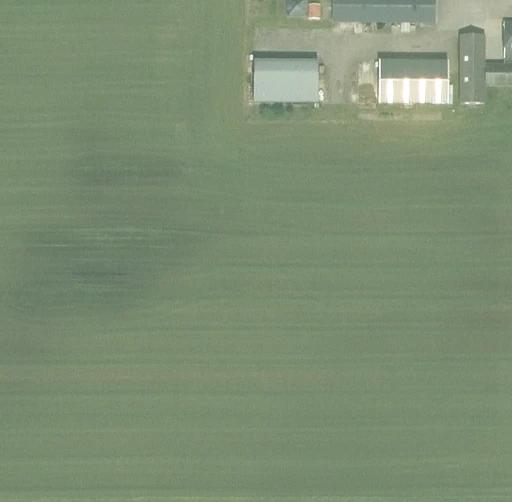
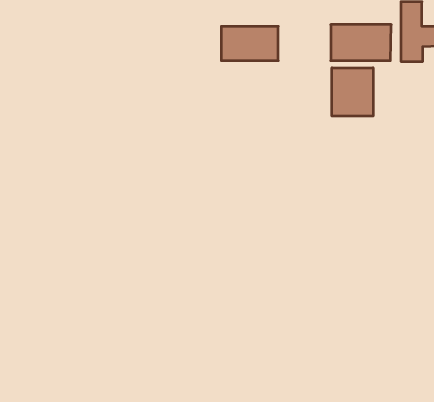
building: none -> [332,68,373,116]

